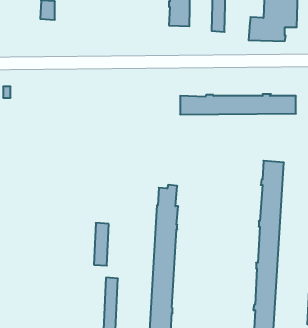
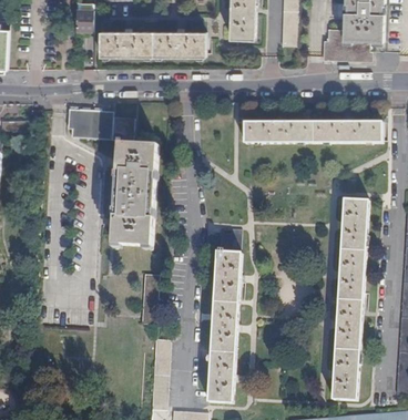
building: none -> [101,28,205,55]
building: none -> [70,113,157,246]

